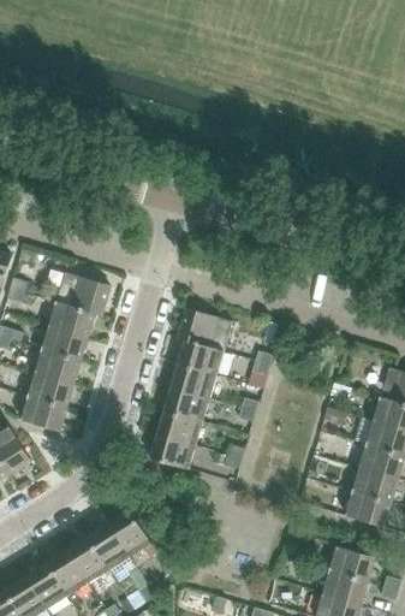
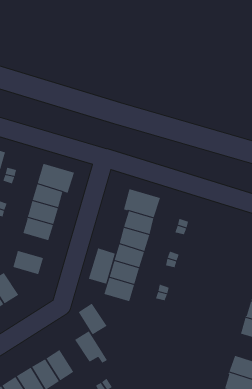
building: [26,373,72,408] -> none
building: none -> [88,248,115,284]
building: [88,525,130,570] -> [78,303,107,335]

